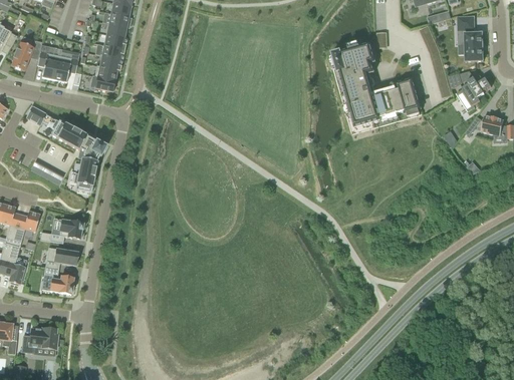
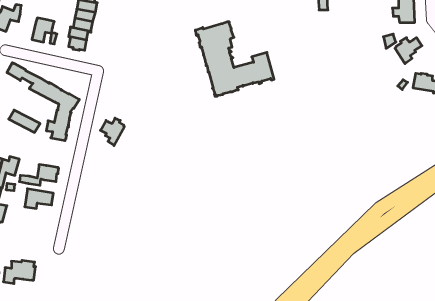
building: [332,43,421,126] -> [195,22,274,96]
building: [37,50,59,78] -> none
building: none -> [100,118,124,146]
building: [43,266,73,293] -> none

